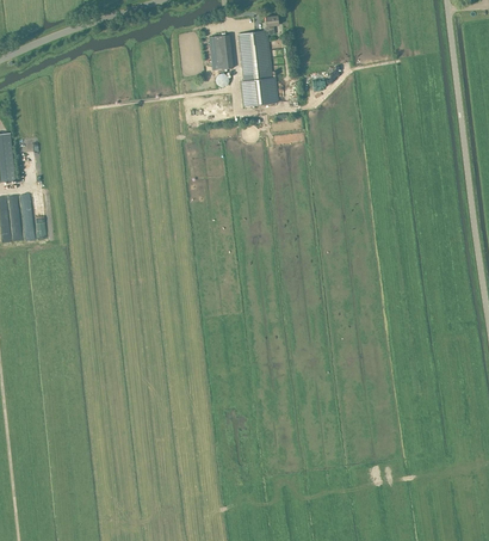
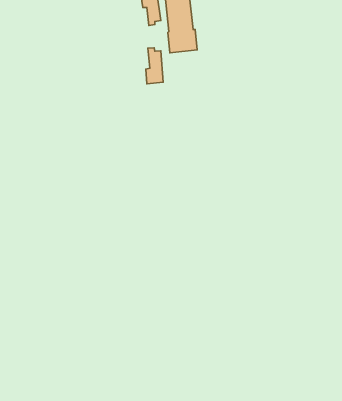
building: none -> [146,48,163,84]

